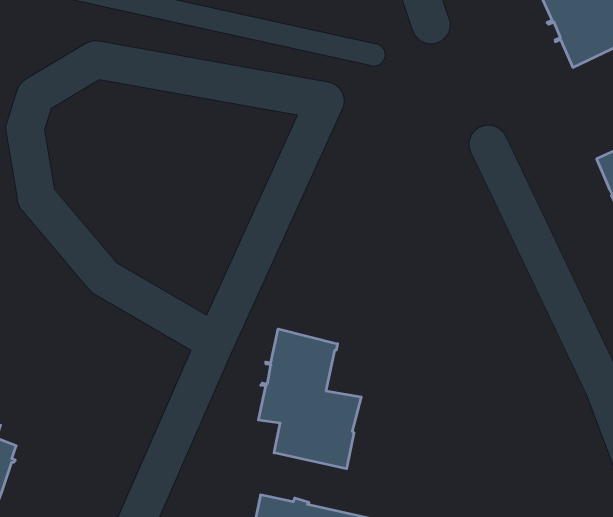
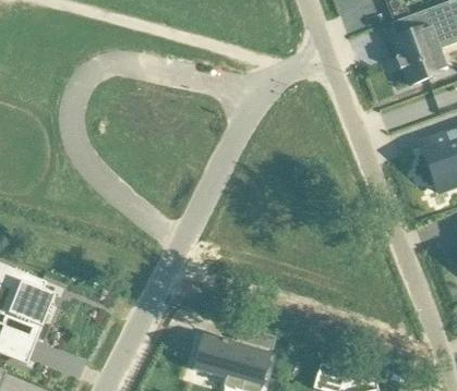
building: [258,329,361,469] -> none

